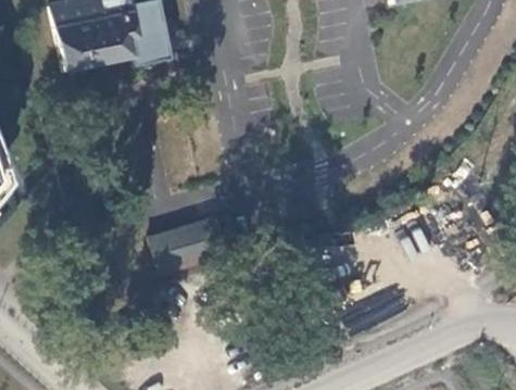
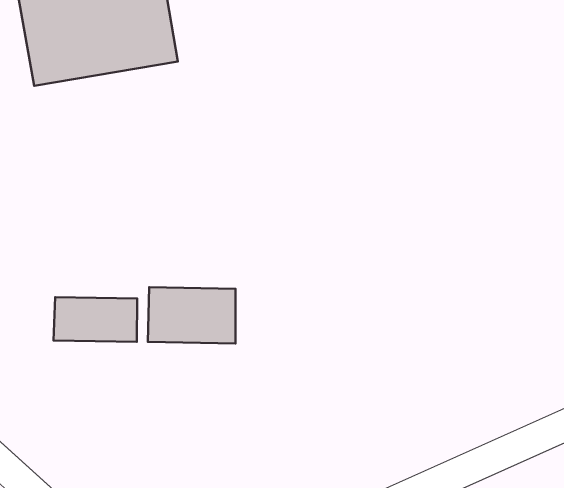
building: none -> [54,297,137,342]

